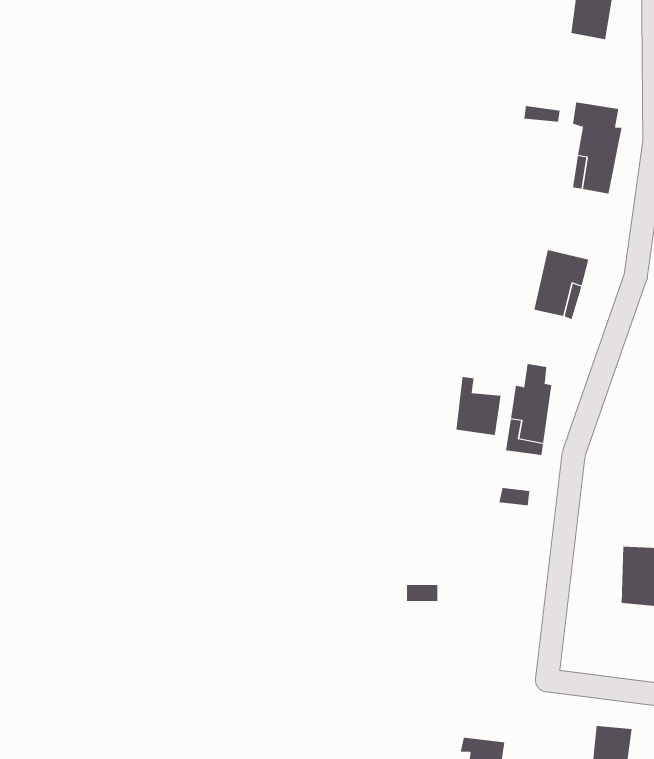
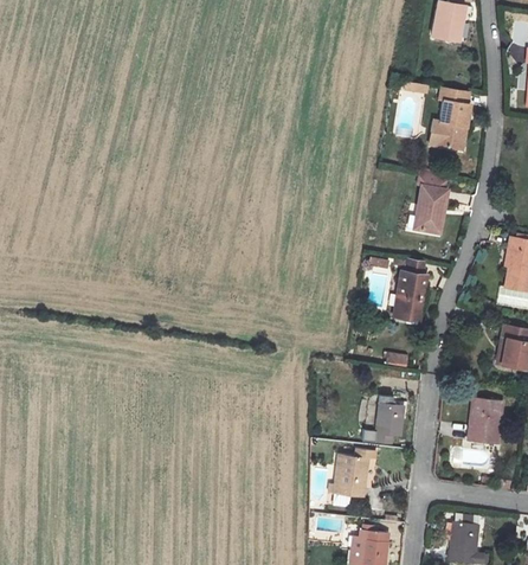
building: [456,376,501,436] -> none
building: none -> [373,402,403,442]
building: none -> [329,452,367,494]

